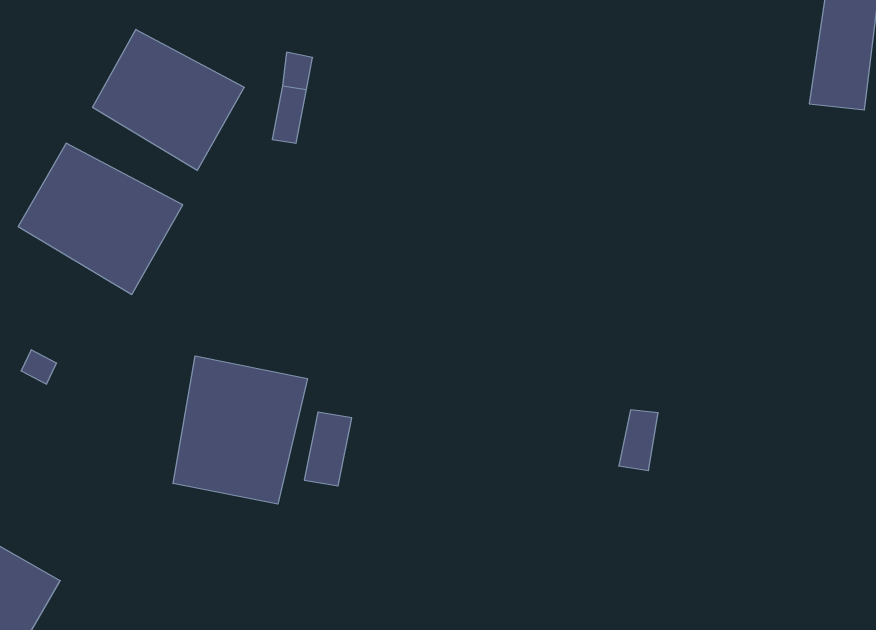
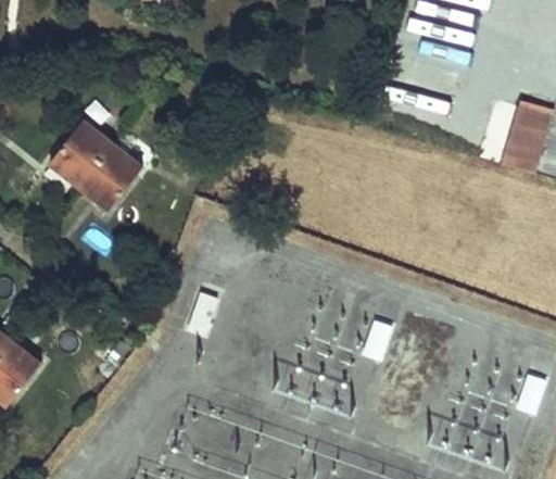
building: [93,29,244,170] -> none
building: [173,356,307,504] -> none

